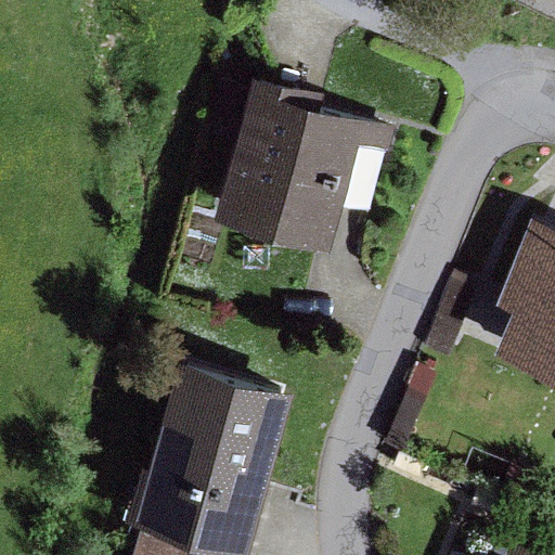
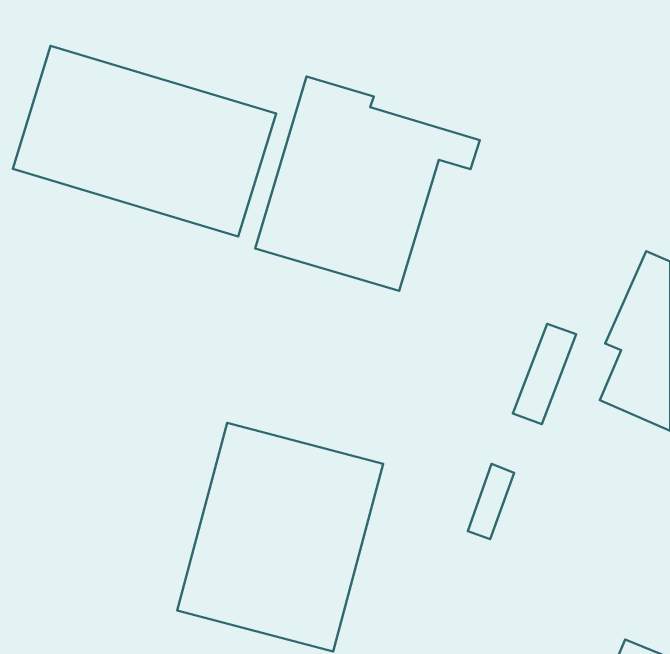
building: none -> [13,46,276,236]

